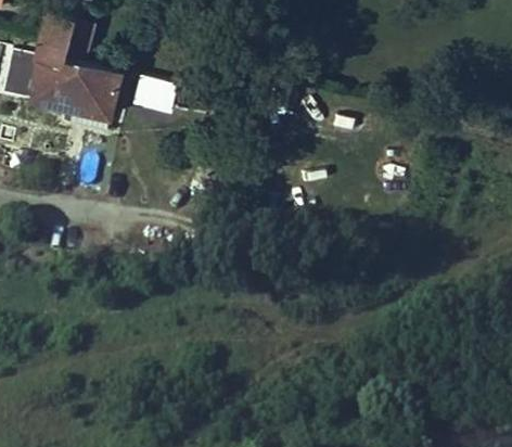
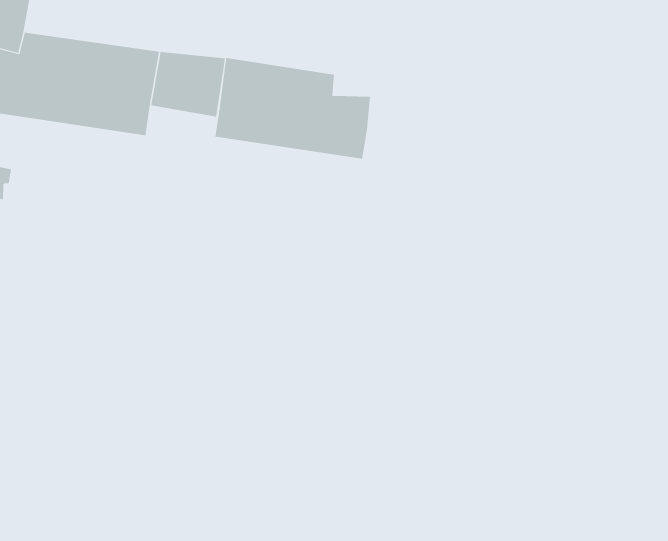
building: none -> [215,57,370,159]

